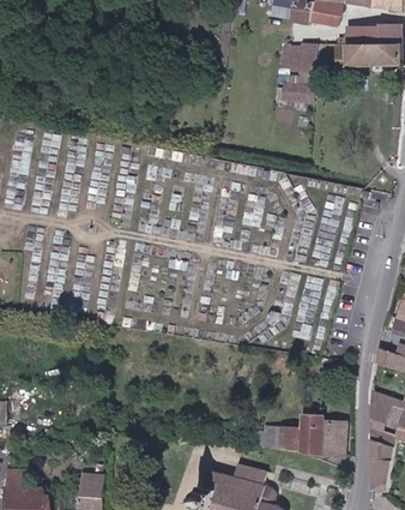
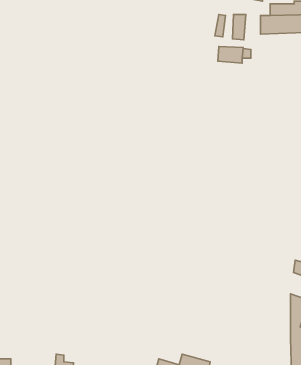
building: [248,415,346,457] -> none

